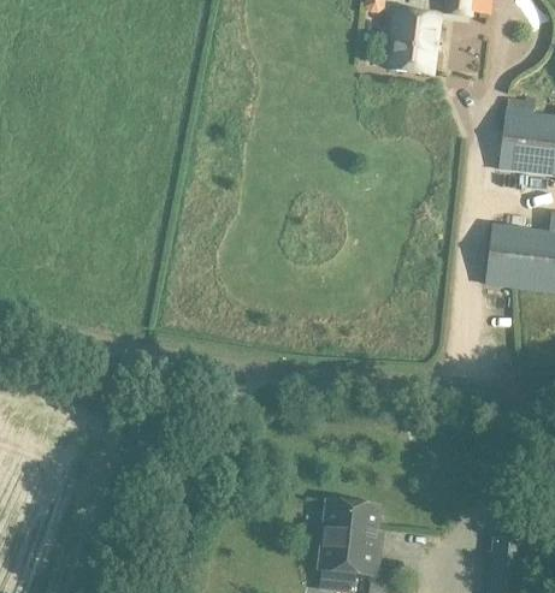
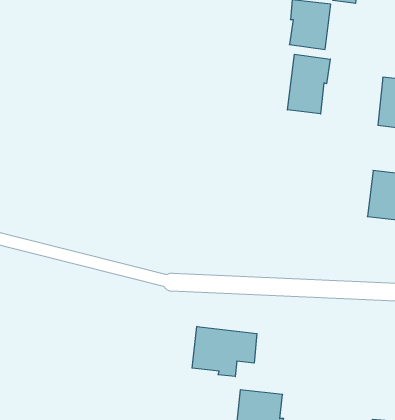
building: none -> [287,54,330,114]
building: none -> [192,326,257,377]

